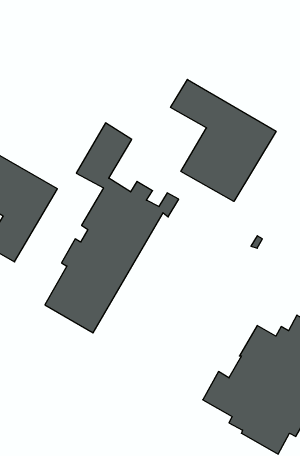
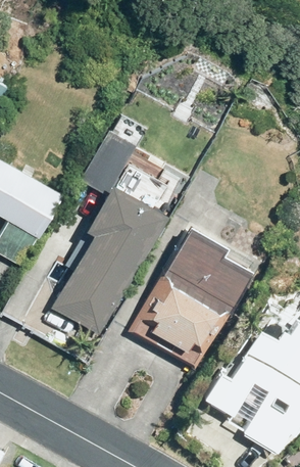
building: [171,79,276,201] -> none
building: none -> [130,224,251,368]

